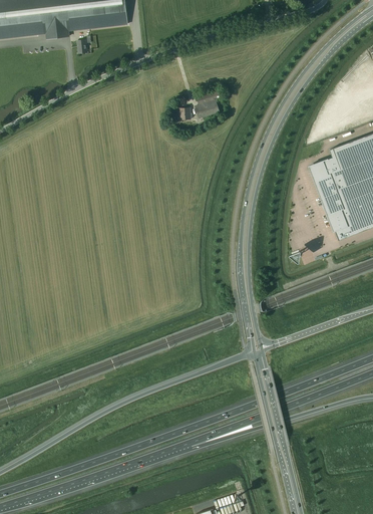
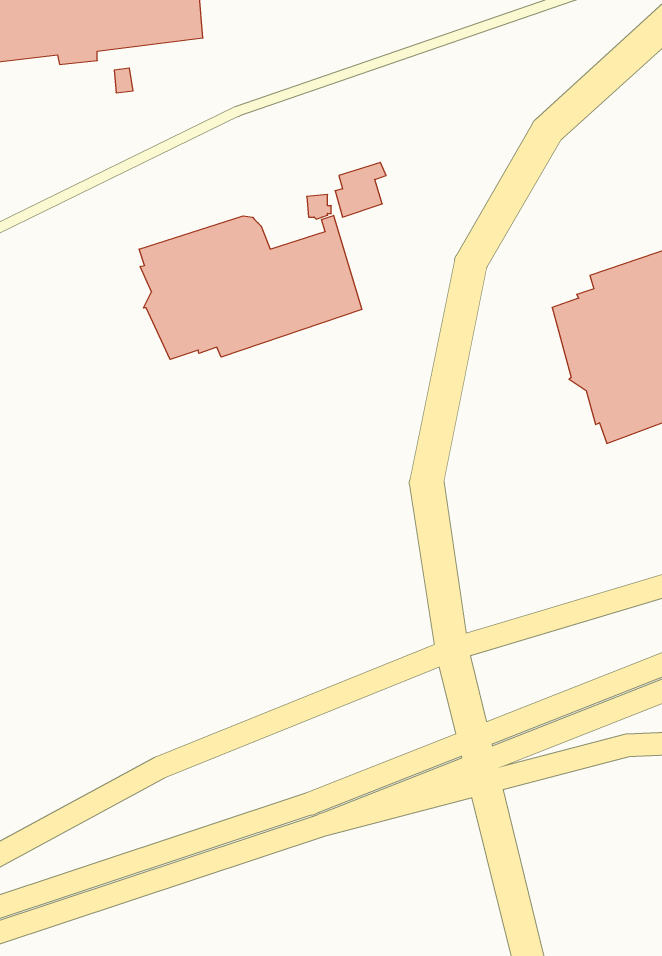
building: none -> [139,215,362,359]

